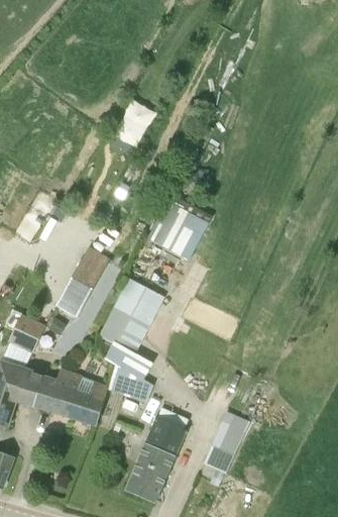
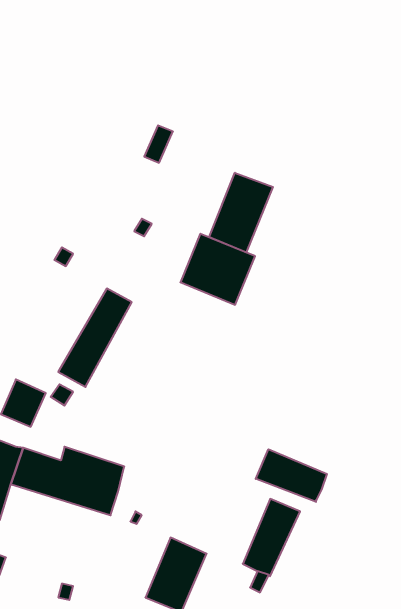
building: none -> [209,173,273,252]
building: [98,279,162,404] -> none
building: none -> [256,449,327,502]
building: [144,410,187,456] -> none

